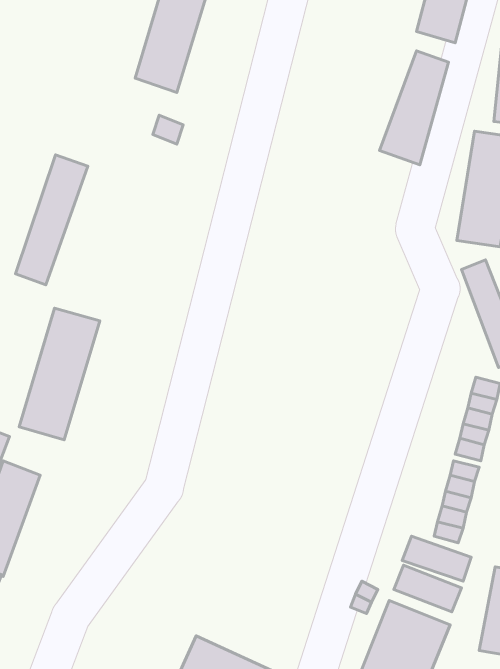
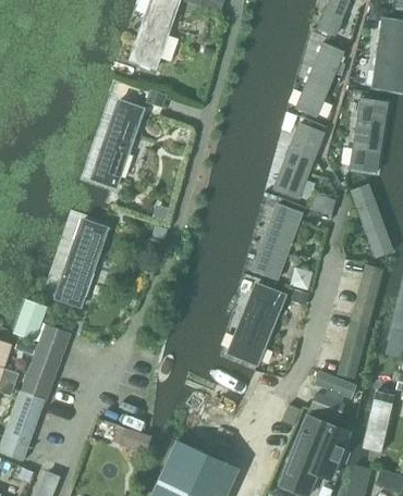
building: [15,155,88,285] -> [94,100,143,188]
building: none -> [277,124,322,200]
building: none -> [254,204,302,281]
building: none -> [220,284,285,371]

